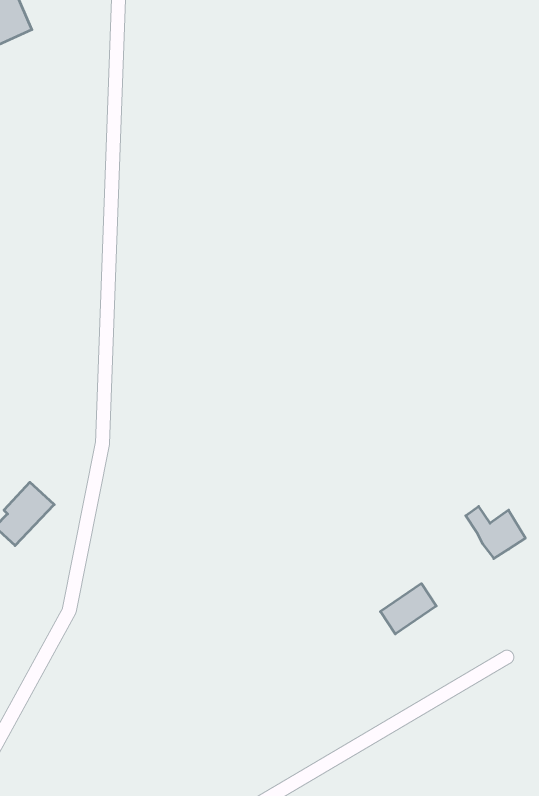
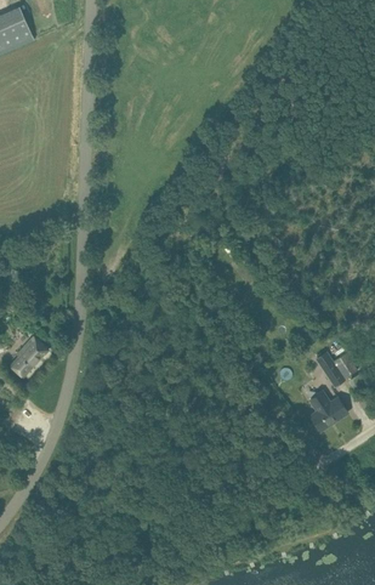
building: [380,584,436,634] -> [309,397,346,430]

